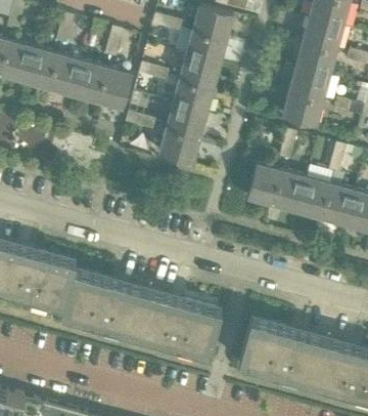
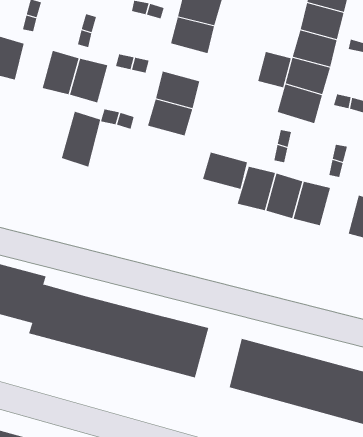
building: [48,57,81,97] -> none
building: [179,57,220,91] -> none
building: none -> [257,51,292,88]
building: none -> [61,111,101,167]
building: [158,131,199,165] -> [202,152,248,190]
building: [320,186,354,227] -> none

